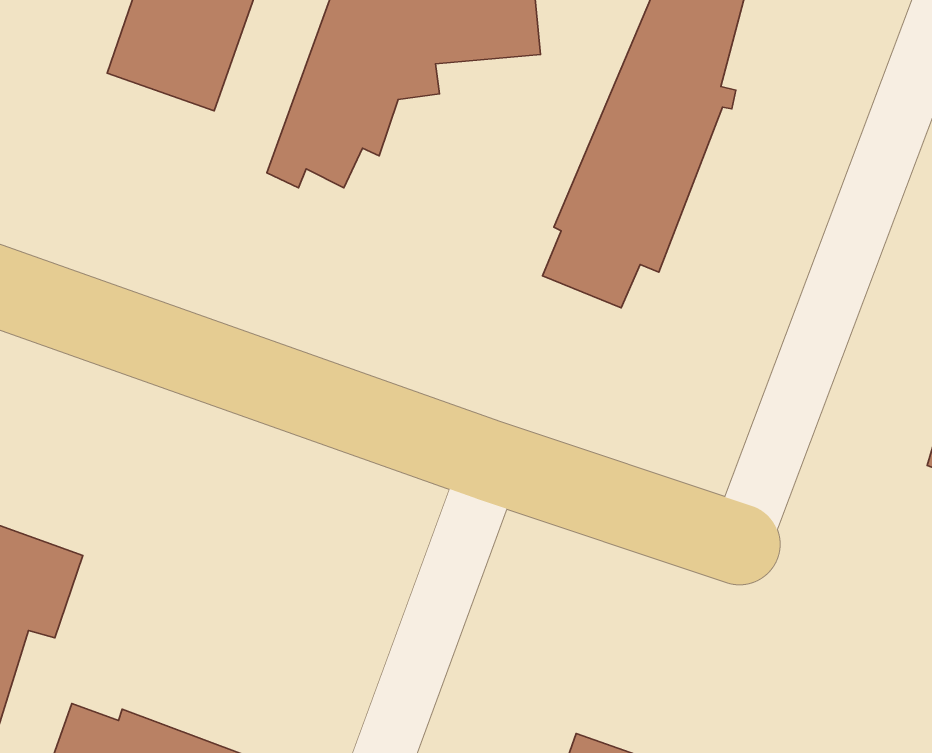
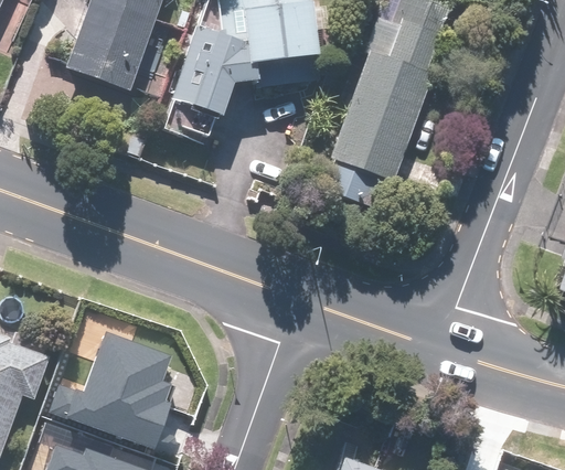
building: none -> [44,328,163,444]

